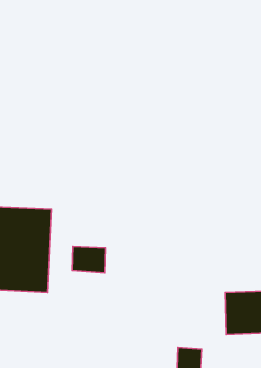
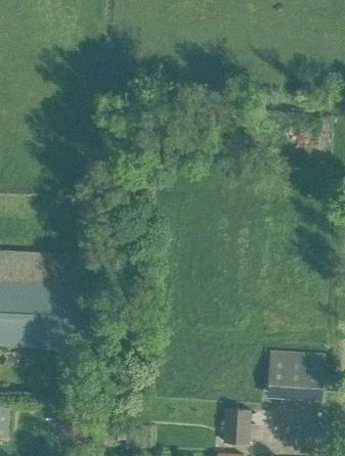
building: [72,247,105,273] -> none

